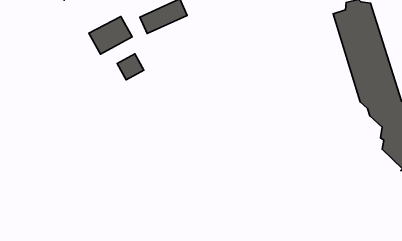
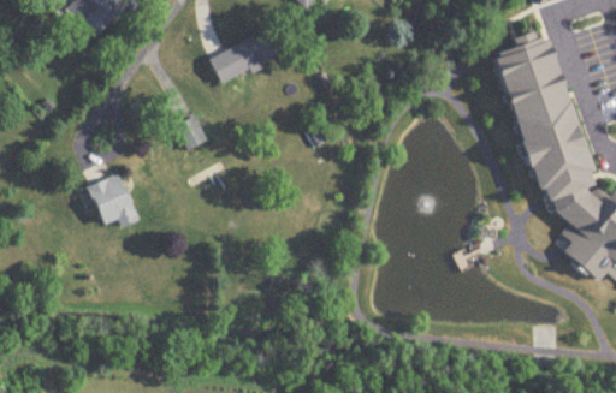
building: [89,17,132,54] -> none
building: none -> [88,173,138,227]

